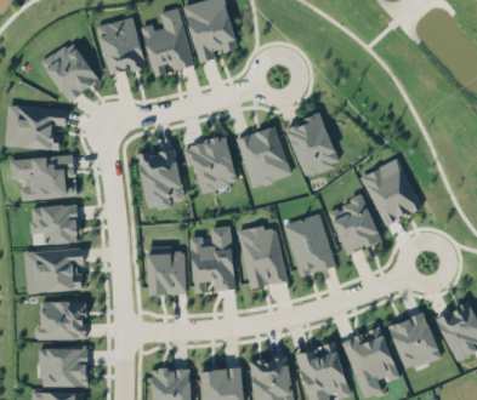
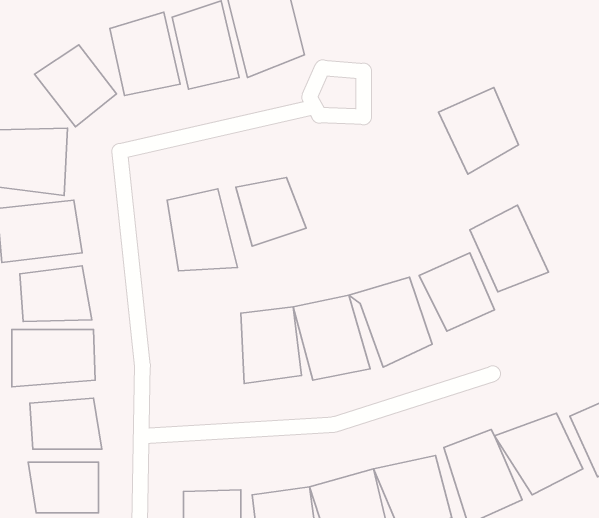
building: [284,112,343,176] -> [438,88,519,174]
building: [234,126,294,188] -> none
building: [147,251,188,296] -> none

